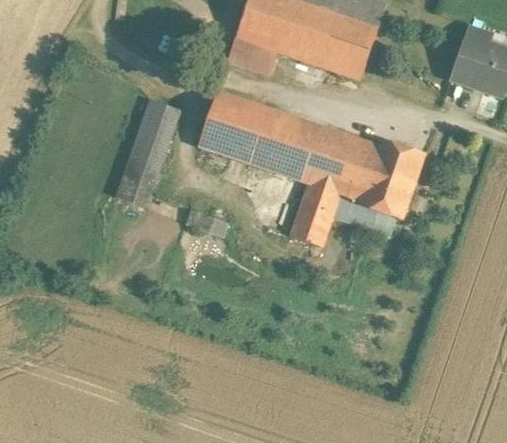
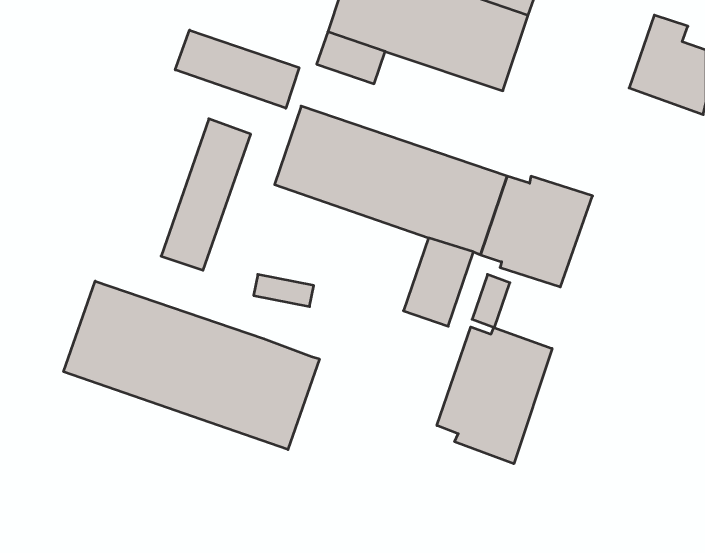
building: none -> [175,30,299,108]
building: none -> [64,281,319,450]
building: none -> [437,327,552,464]

